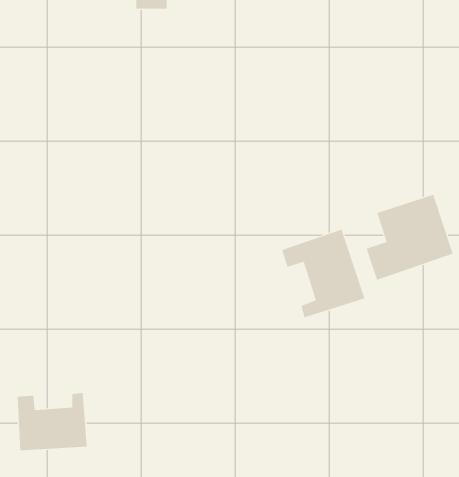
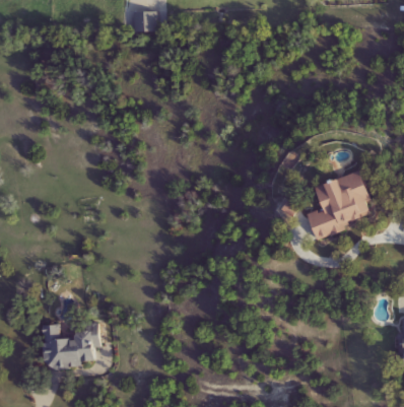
building: [281,229,365,318] -> none

